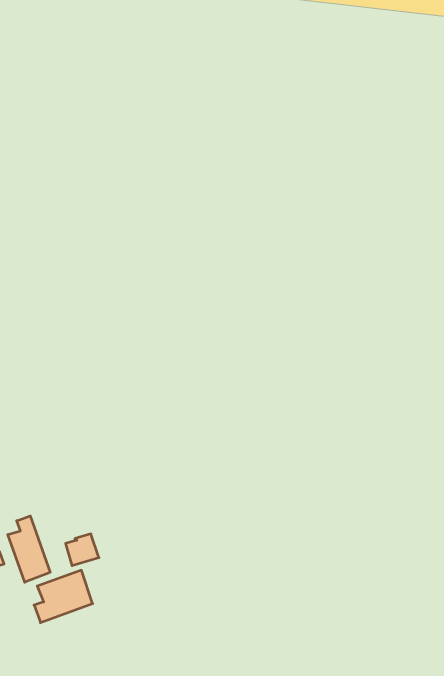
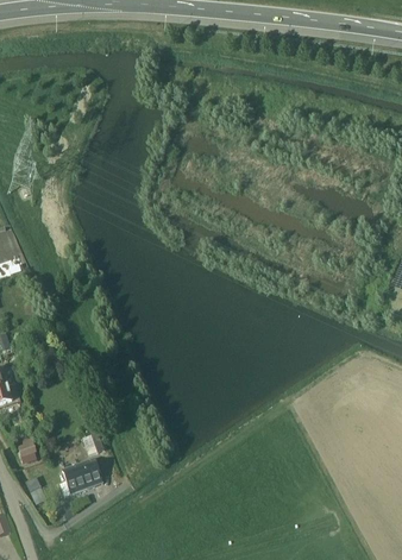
building: [8,516,50,582] -> none

